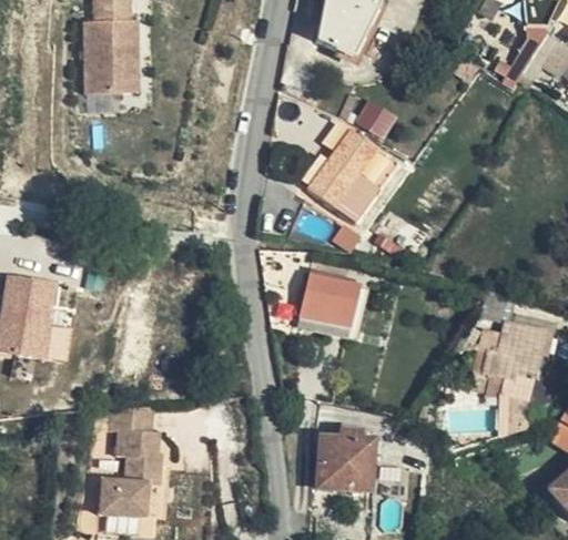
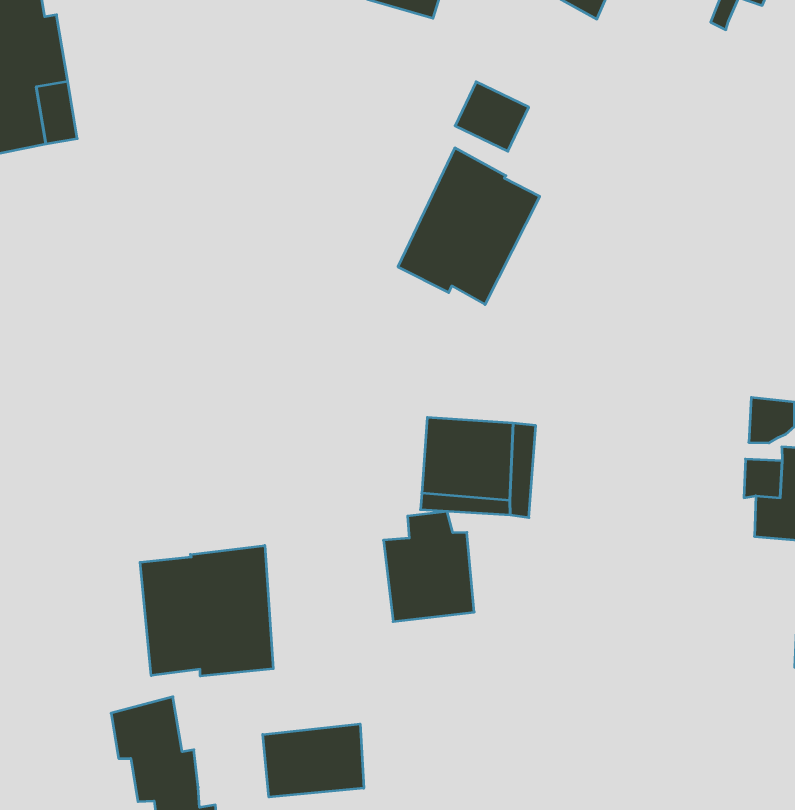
building: none -> [140,545,273,676]
building: [320,428,368,487] -> [383,511,474,622]
building: none -> [263,724,364,797]

